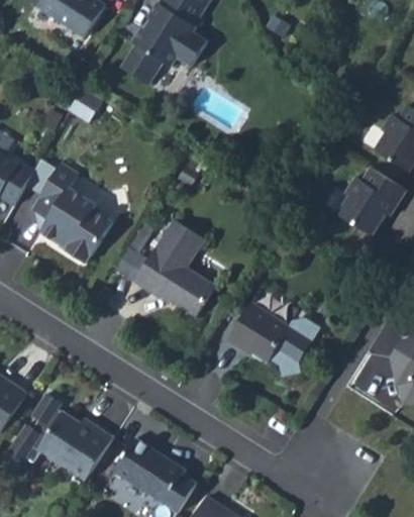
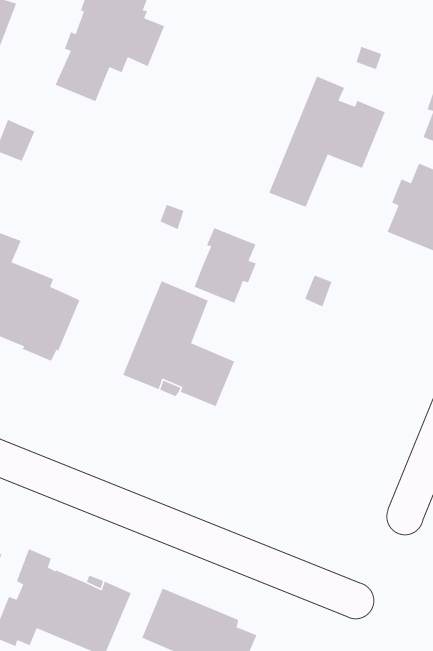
building: none -> [268,76,386,208]
building: none -> [193,227,257,304]
building: [226,303,319,377] -> none

